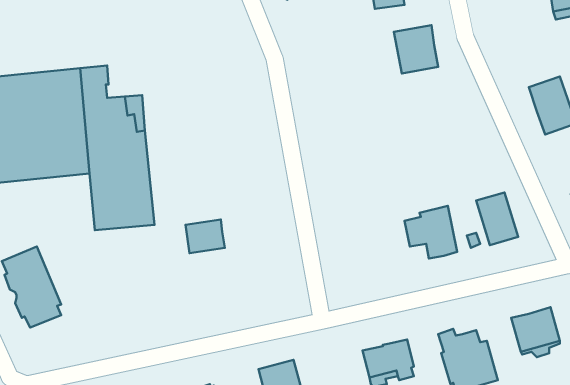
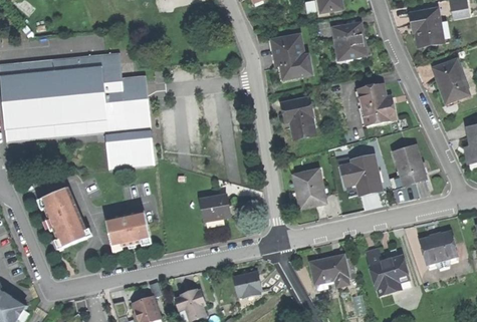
building: none -> [410,8,443,46]
building: none -> [270,33,310,78]
building: none -> [357,82,396,125]
building: none -> [281,96,313,137]
building: [186,220,225,253] -> [199,195,228,220]
building: none -> [292,170,324,208]
building: none -> [104,210,149,246]

